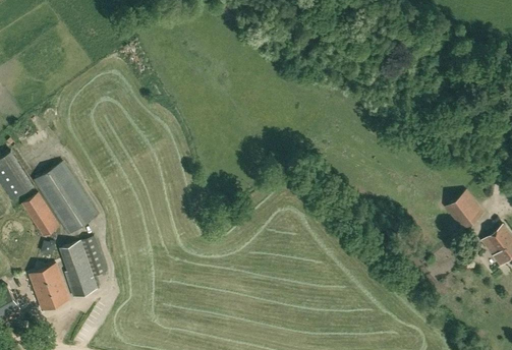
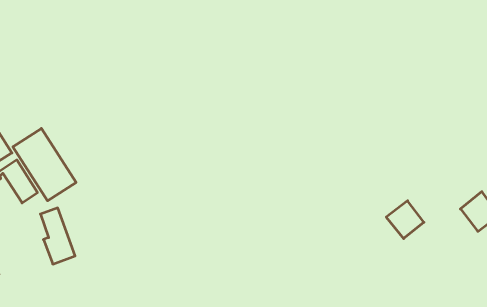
building: [445,191,482,229] -> [386,201,424,239]
building: [30,265,69,309] -> none

